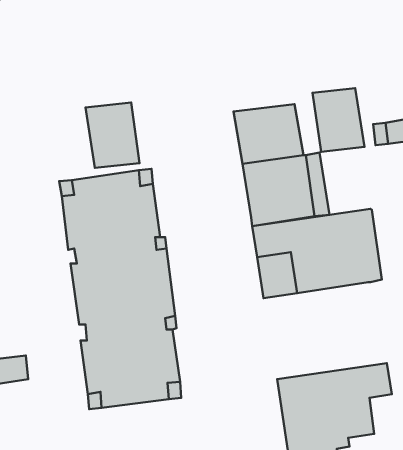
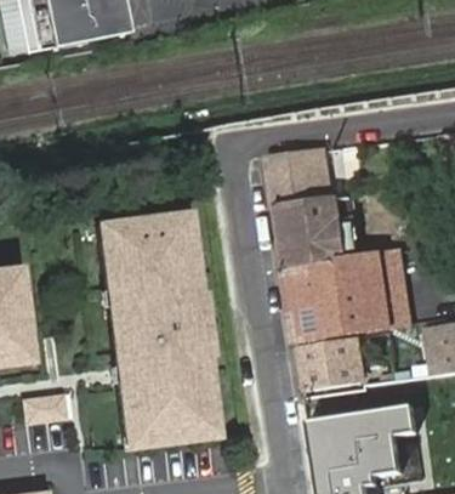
building: [313,88,364,152] -> none
building: [86,102,140,168] -> none
building: none -> [297,334,360,388]

